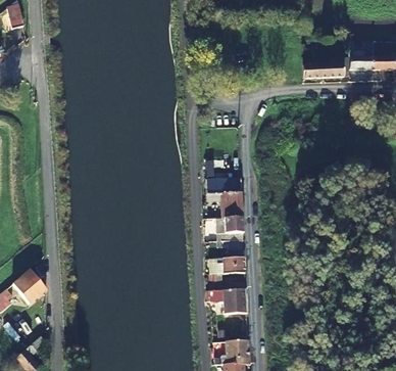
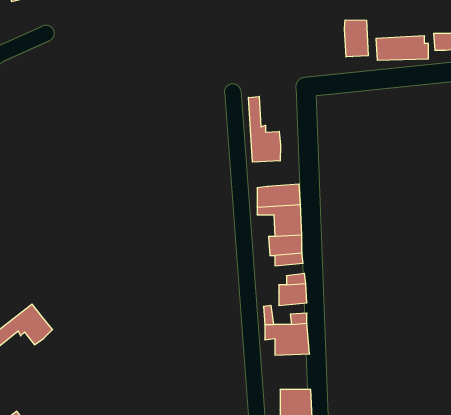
building: none -> [345,20,368,57]
building: none -> [249,96,280,162]

